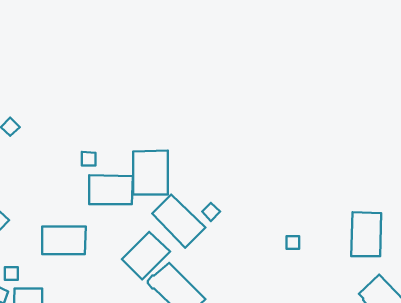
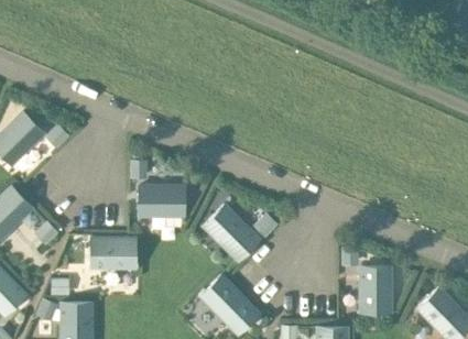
building: [133,150,168,195] -> none
building: [351,212,381,256] -> [361,266,392,311]
building: [122,232,170,279] -> none

